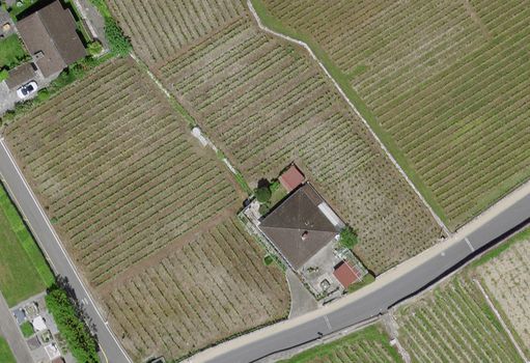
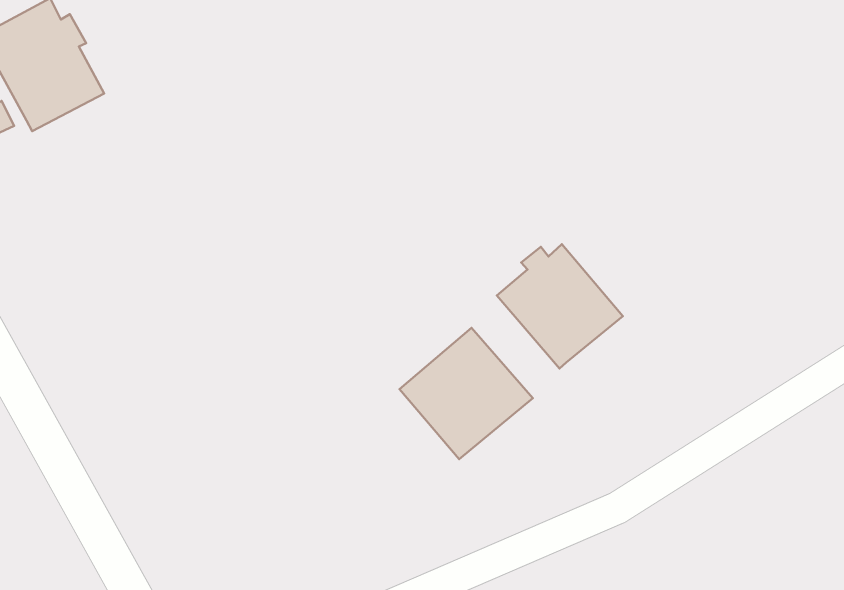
building: none -> [497,244,623,369]

